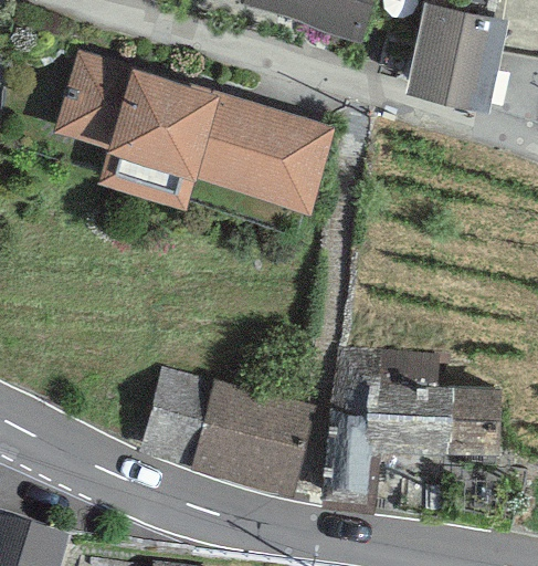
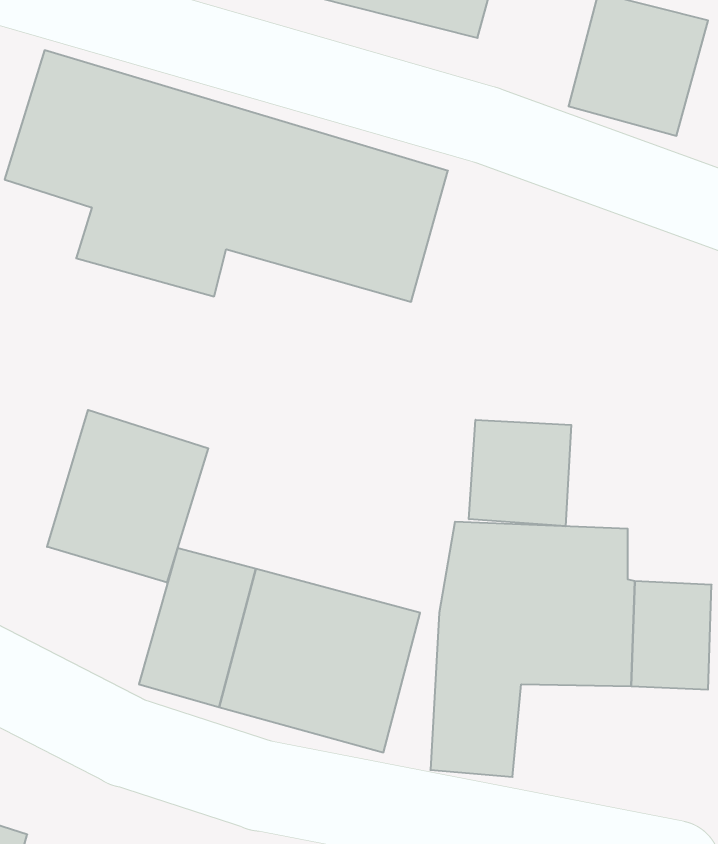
building: none -> [47,410,208,583]
building: none -> [469,420,571,526]

